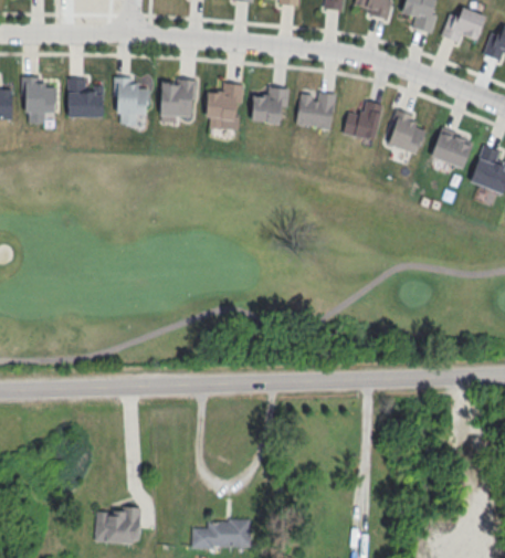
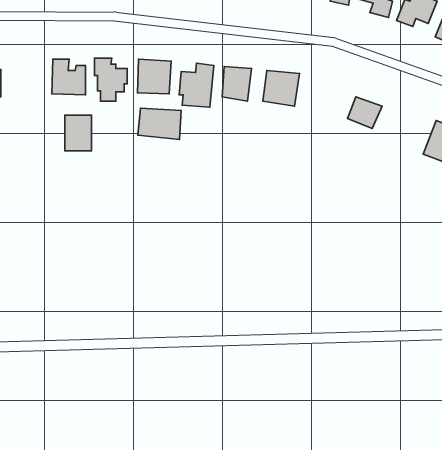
building: [28,86,56,125] -> [65,115,91,151]
building: [344,102,383,139] -> none
building: [431,130,474,168] -> none
building: none -> [138,108,181,139]

